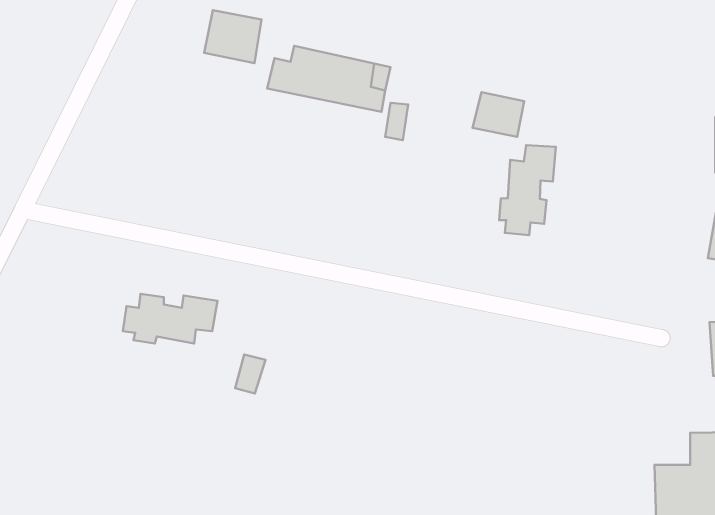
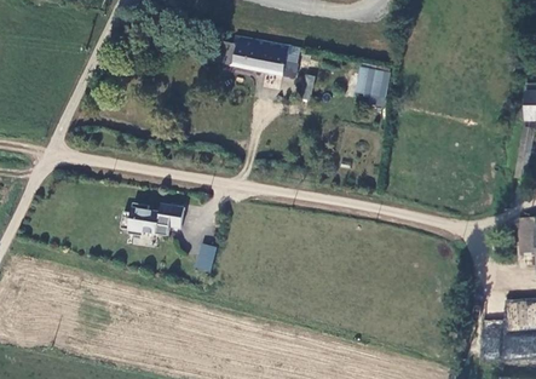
building: [204,10,261,63] -> none
building: [499,145,556,235] -> none

